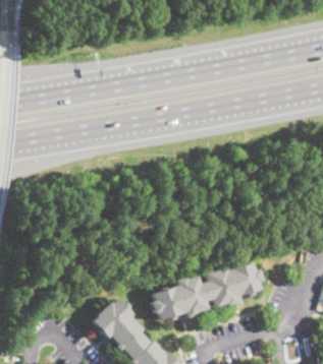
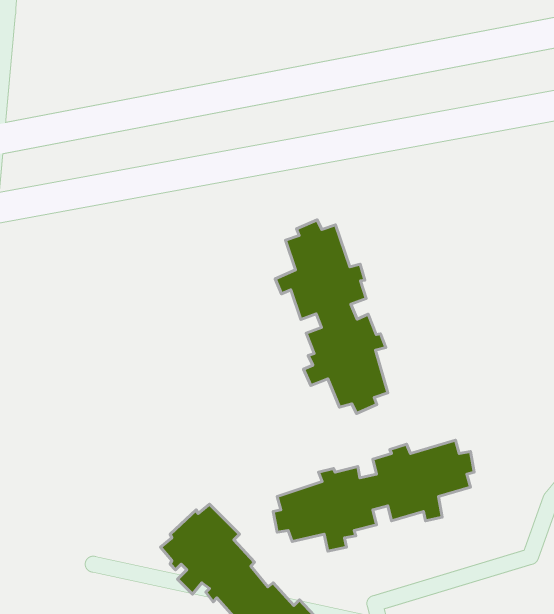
building: none -> [275,220,388,413]

